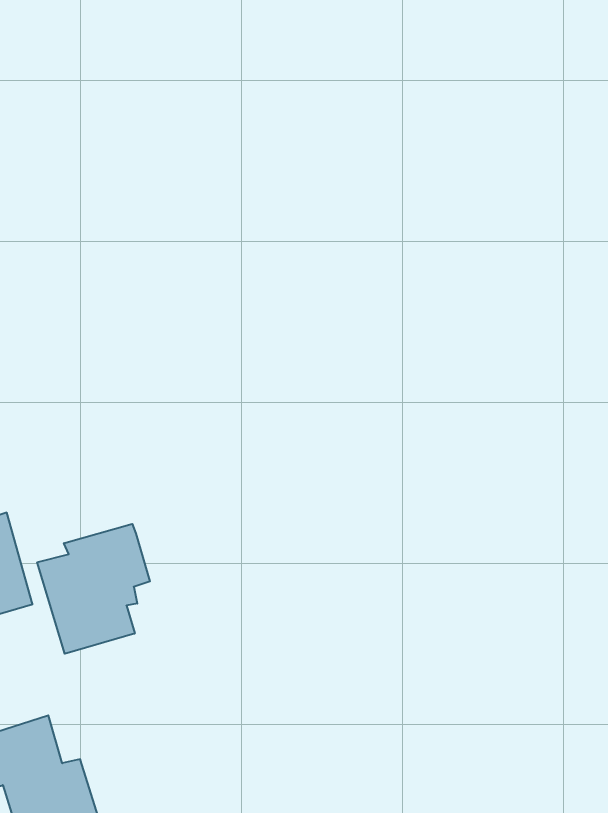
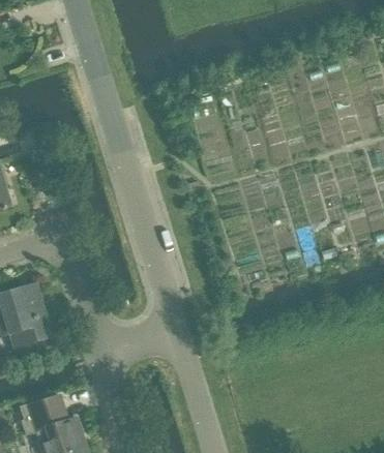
building: [37,524,150,654] -> none

